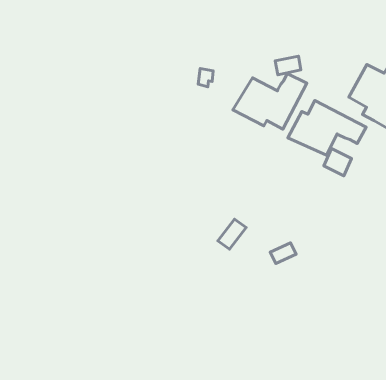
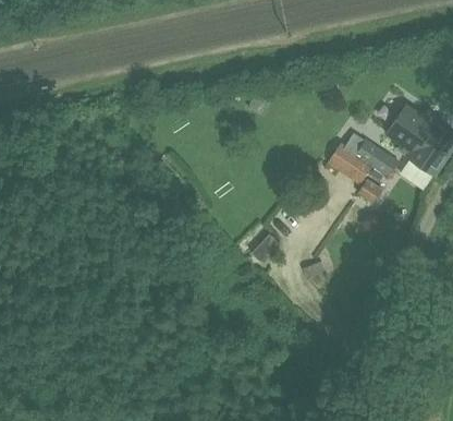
building: [233,74,307,129] -> none

